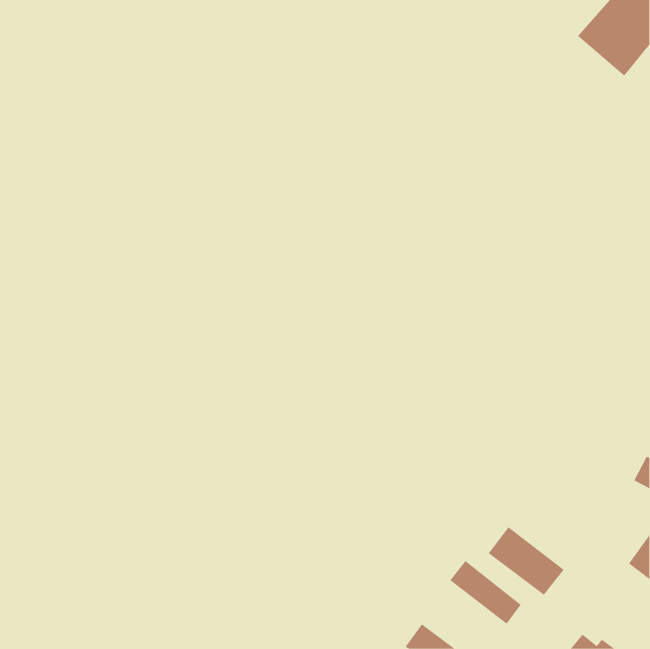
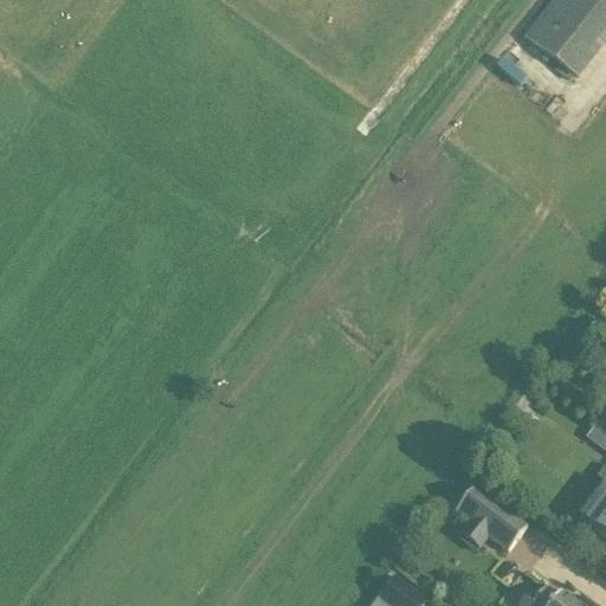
building: [449,560,521,625] -> none

